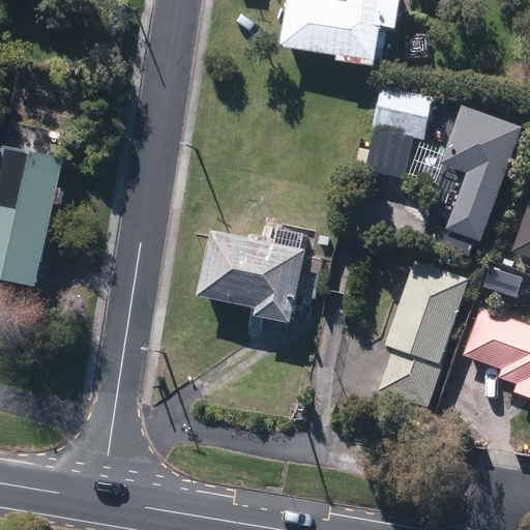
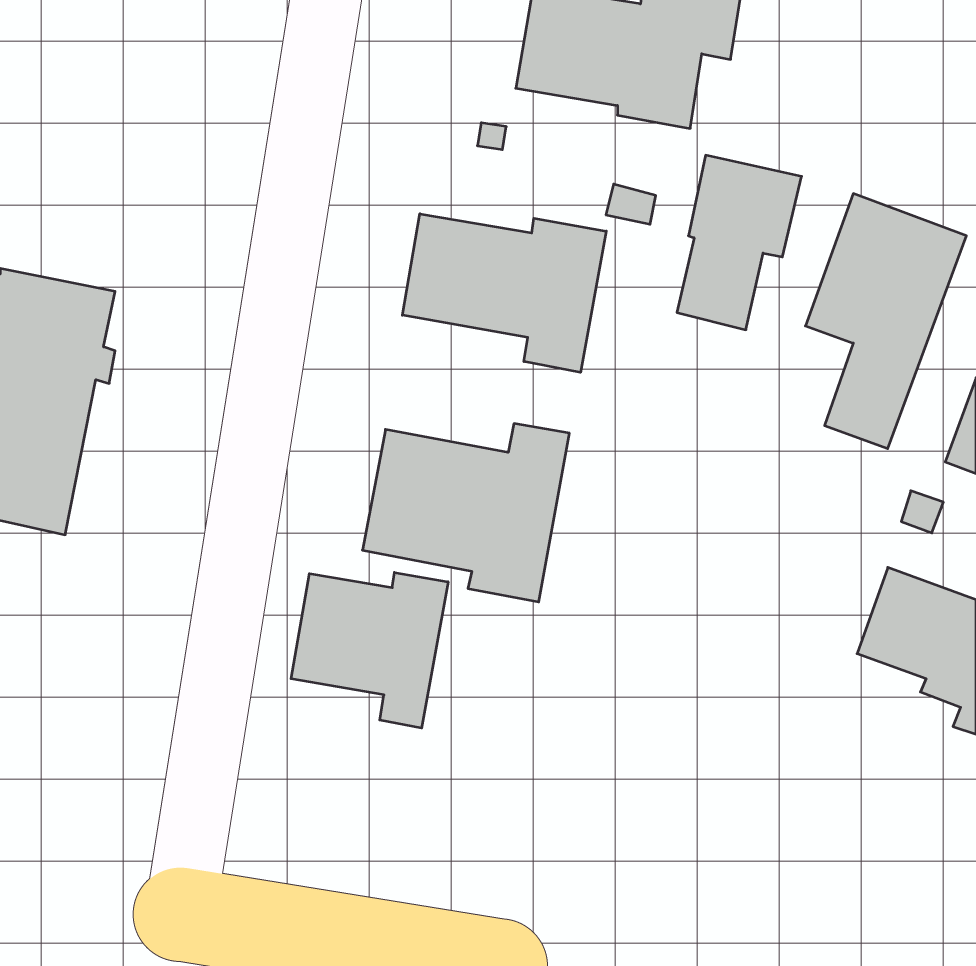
building: none -> [402,214,606,372]
building: [378,260,468,407] -> none
building: none -> [291,572,448,728]

